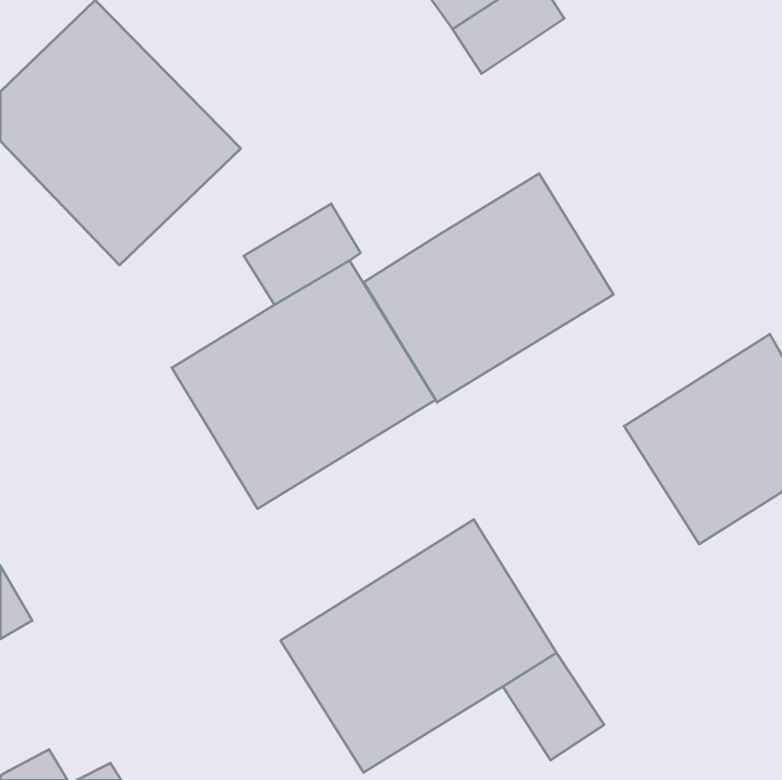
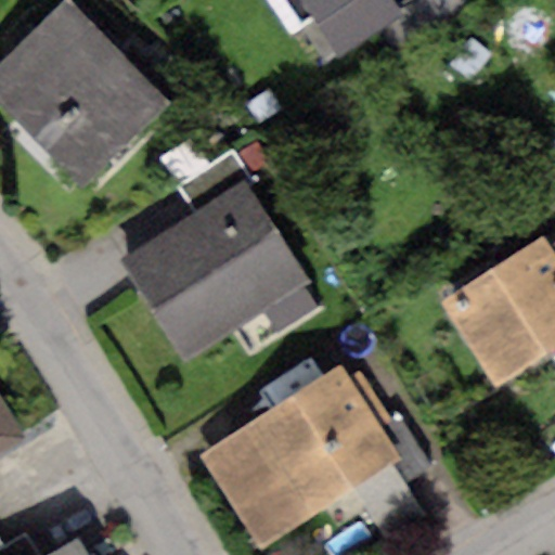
building: [364,174,613,402] -> none

